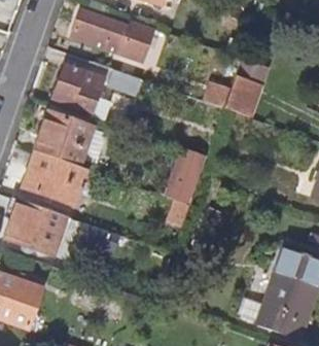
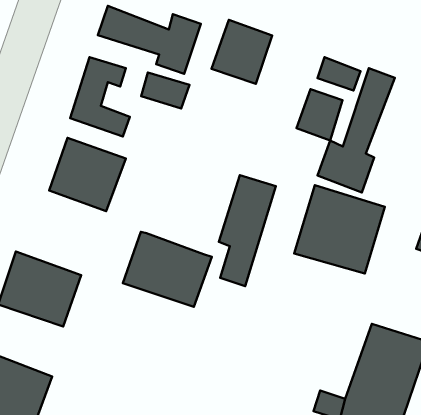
building: none -> [212,20,272,84]
building: none -> [318,68,395,192]
building: none -> [294,185,385,273]
building: [24,151,90,207] -> [123,232,212,307]

